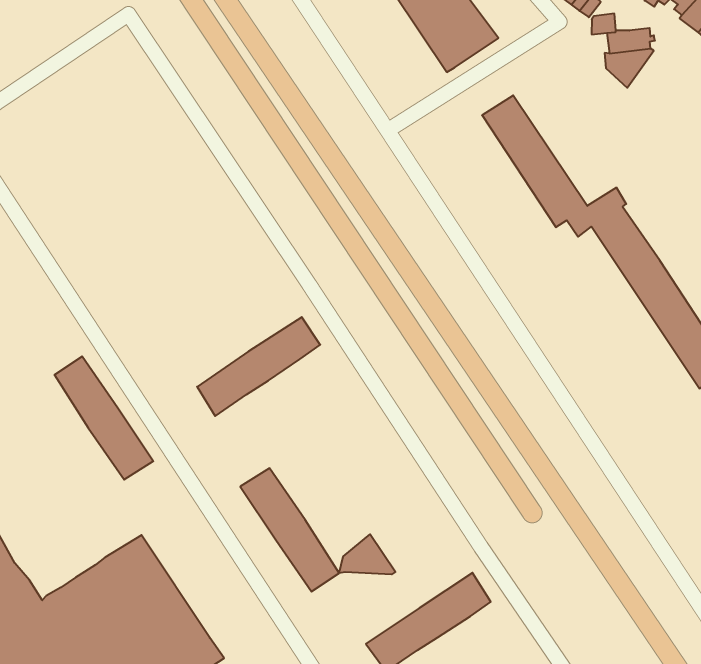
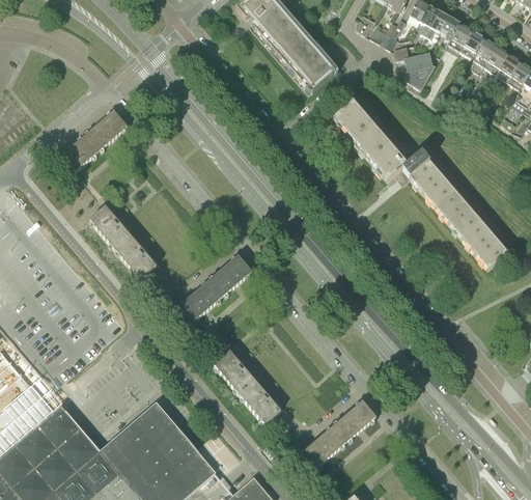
building: none -> [55,110,129,177]
building: [54,356,153,480] -> [90,205,158,278]
building: [339,534,395,574] -> none

